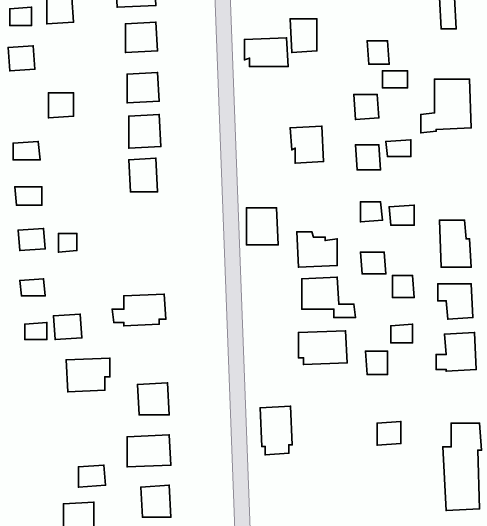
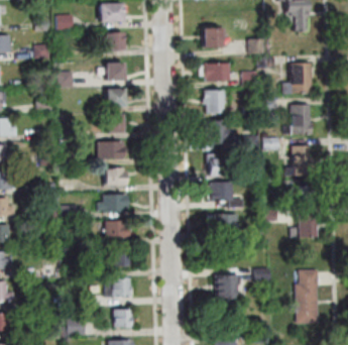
building: [244,38,288,66] -> [204,65,230,82]
building: none -> [283,106,311,135]
building: none -> [98,140,127,159]
building: [246,208,278,245] -> [207,122,226,144]
building: none -> [104,167,128,186]
building: [66,358,110,392] -> [106,220,132,240]
building: [260,406,292,455] -> [216,275,235,305]

